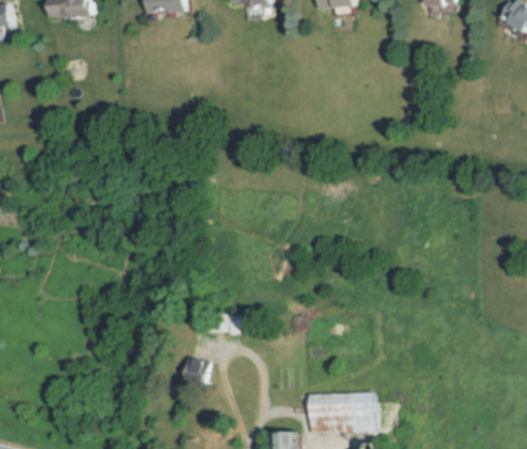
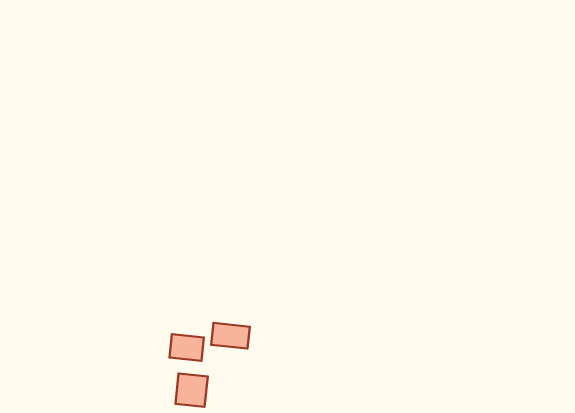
building: none -> [169,334,204,361]

